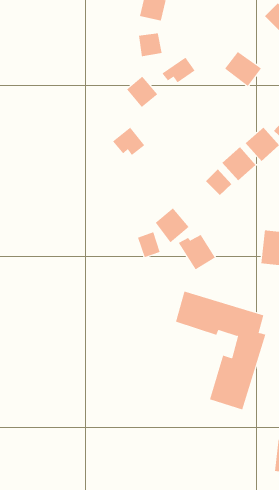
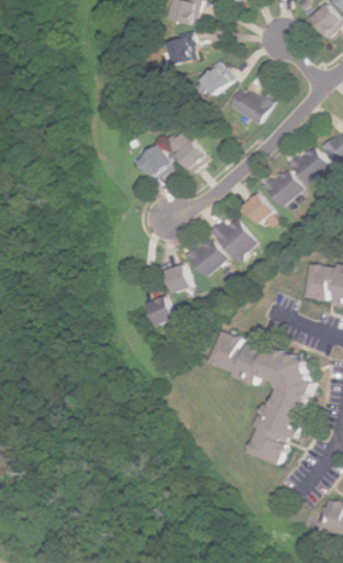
building: [224,51,262,87] -> [228,85,270,125]
building: [126,76,158,108] -> [163,130,199,166]
building: [178,234,216,270] -> [211,219,254,260]
building: none -> [148,295,176,325]

